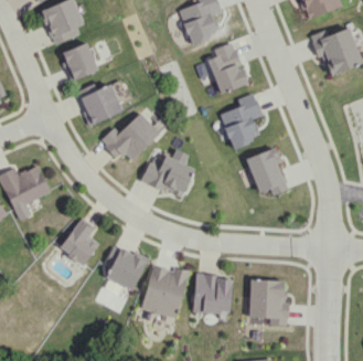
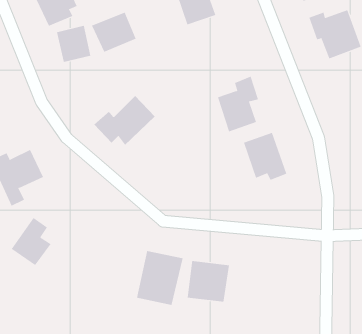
building: [209,42,246,93] -> none
building: [78,85,122,125] -> [91,12,136,52]
building: [140,149,193,198] -> none
building: [58,217,98,265] -> [11,217,51,266]
building: [104,243,147,291] -> none
building: [248,279,286,326] -> none

